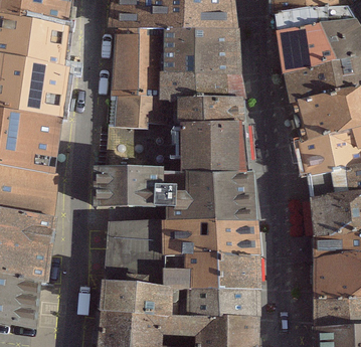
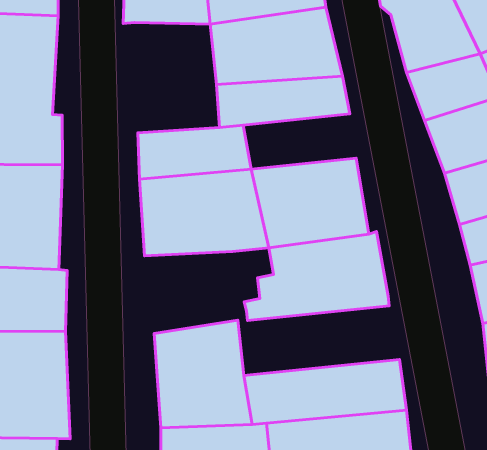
building: [111,26,163,98] -> none
building: [177,98,245,126] -> none
building: [96,173,176,208] -> none
building: [161,219,259,254] -> none

